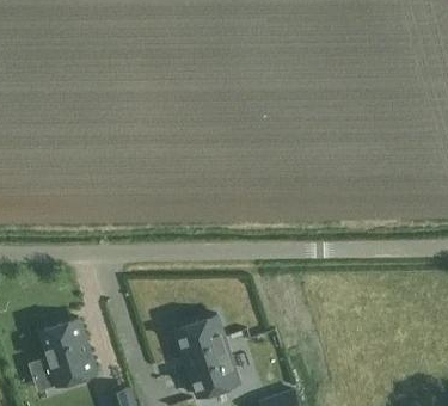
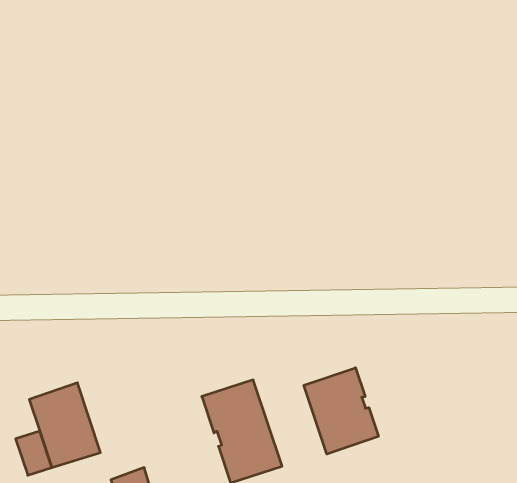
building: none -> [304,368,378,454]

